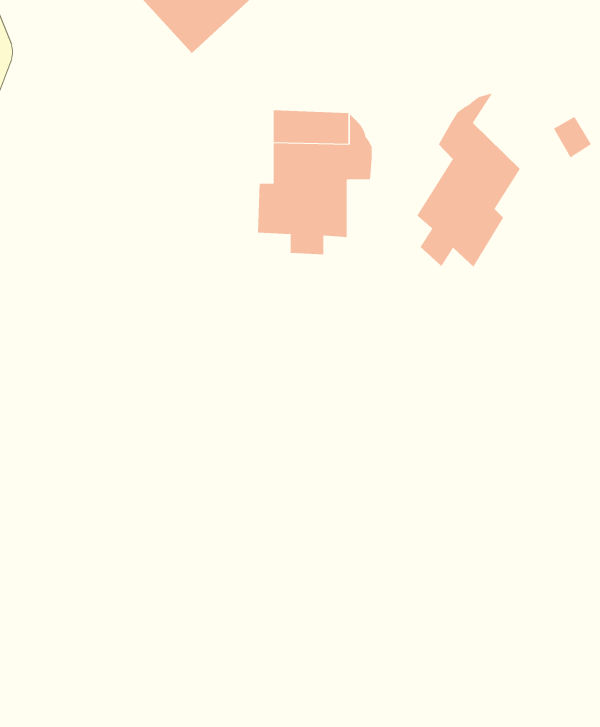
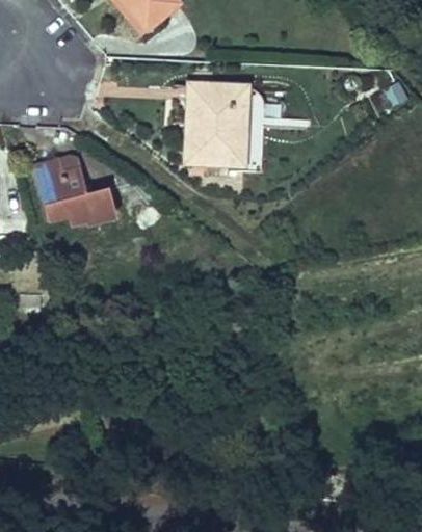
building: [416,92,521,267] -> none
building: none -> [28,149,104,212]

